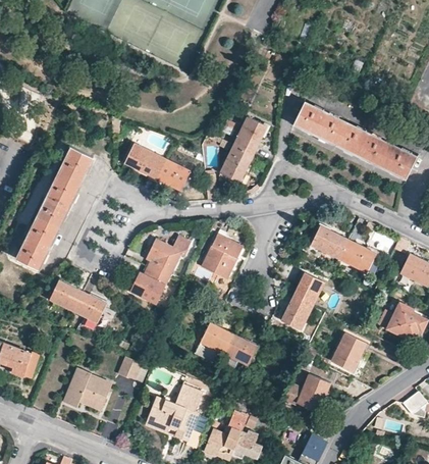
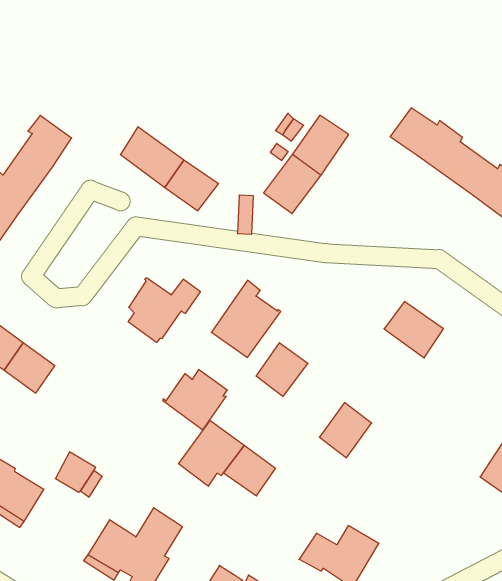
building: [338,240,376,273] -> none
building: [127,268,167,306] -> [163,369,227,430]
building: [292,273,324,307] -> [256,343,308,396]
building: [332,334,366,372] -> none

